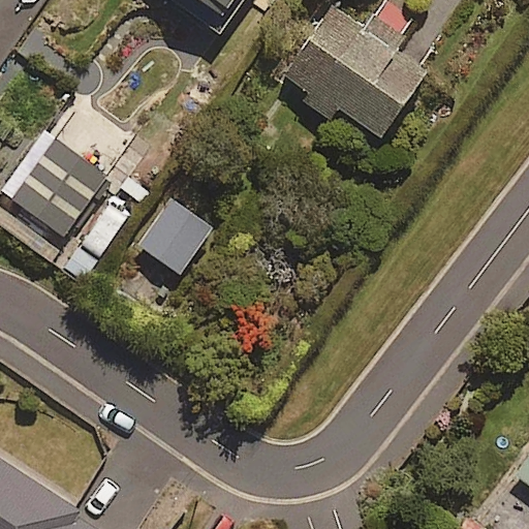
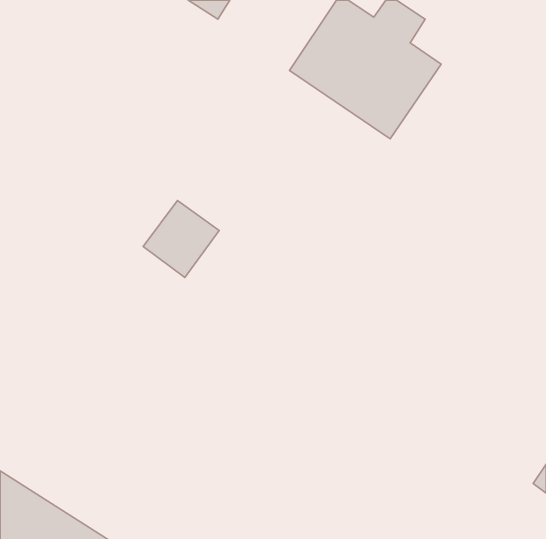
building: [11,139,107,239] -> none

